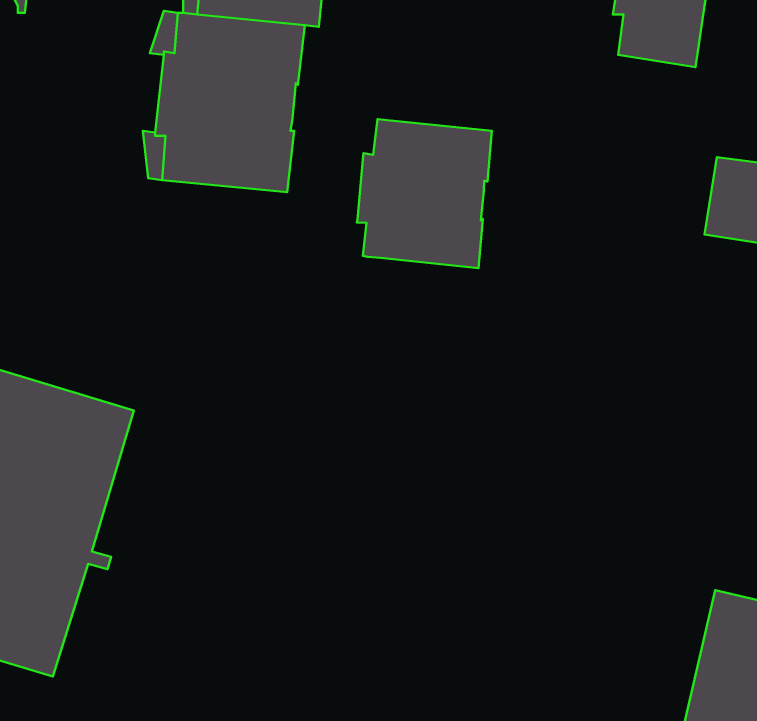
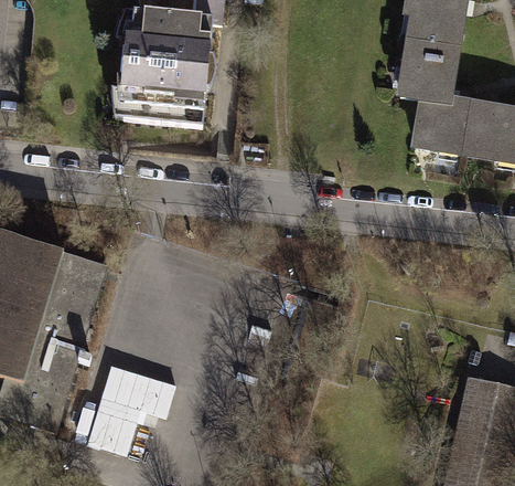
building: none -> [400,39,471,151]
building: [357,119,492,268] -> none
building: none -> [88,364,174,451]

